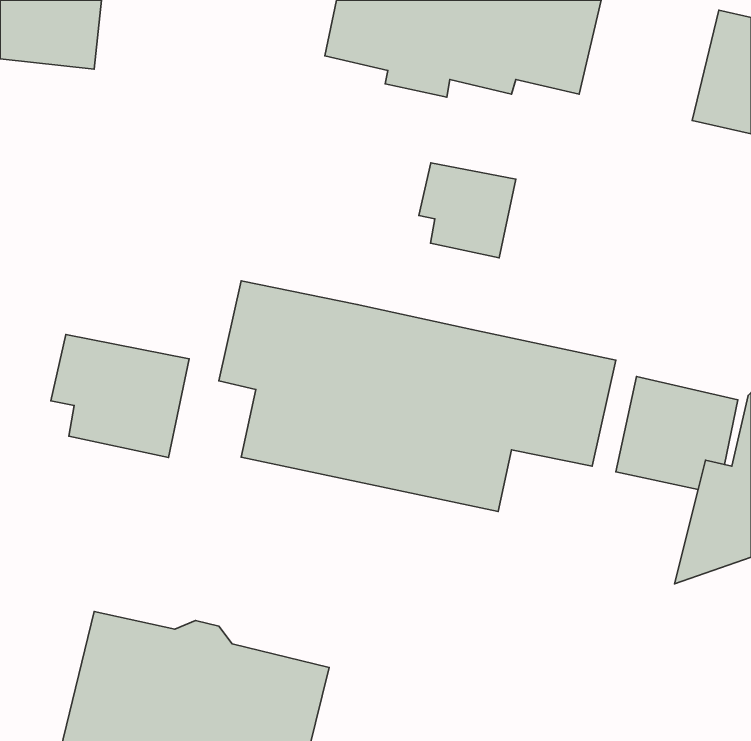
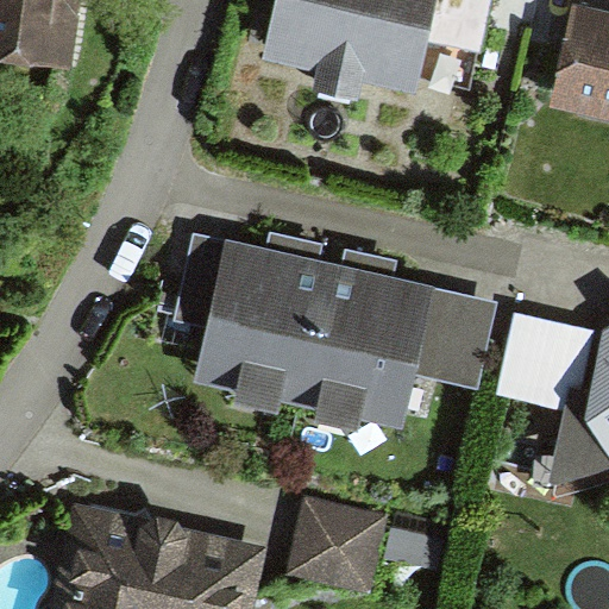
building: [419,163,516,258] -> none
building: [51,335,189,457] -> none
building: none -> [287,498,385,589]

